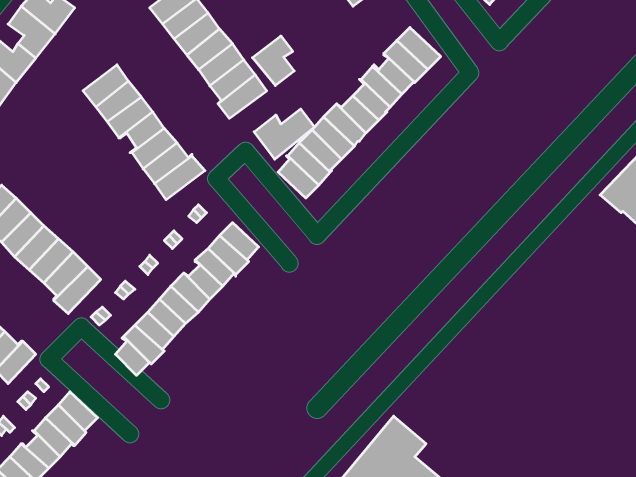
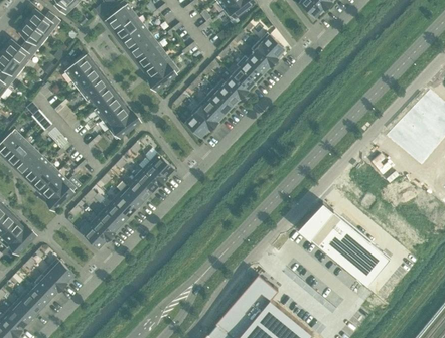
building: [252,36,294,86] -> none
building: [254,109,314,159] -> none
building: none -> [297,201,391,286]

